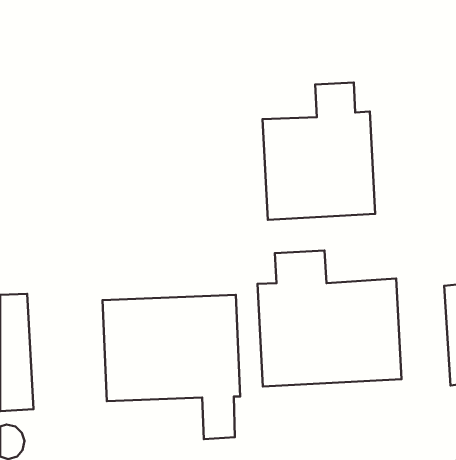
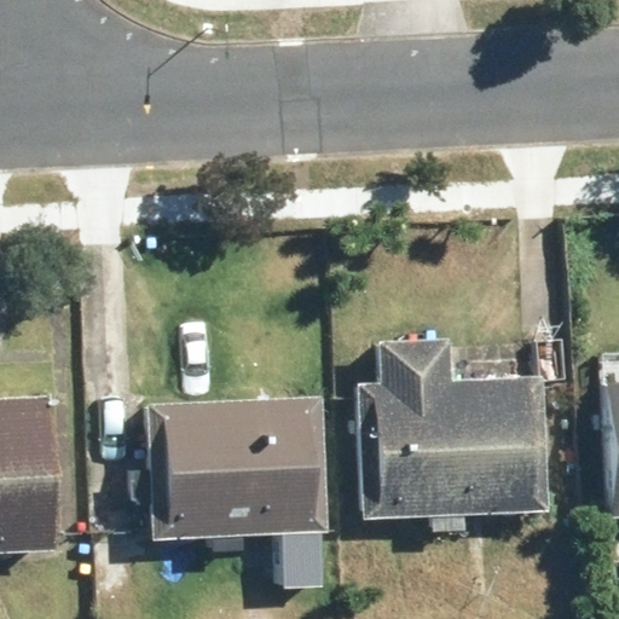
building: [263,83,375,220] -> none

